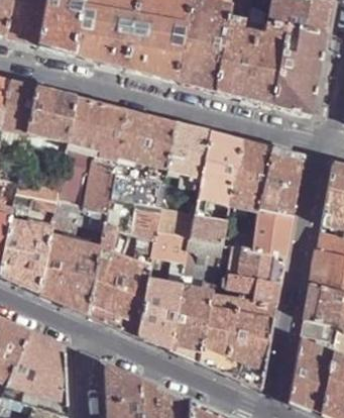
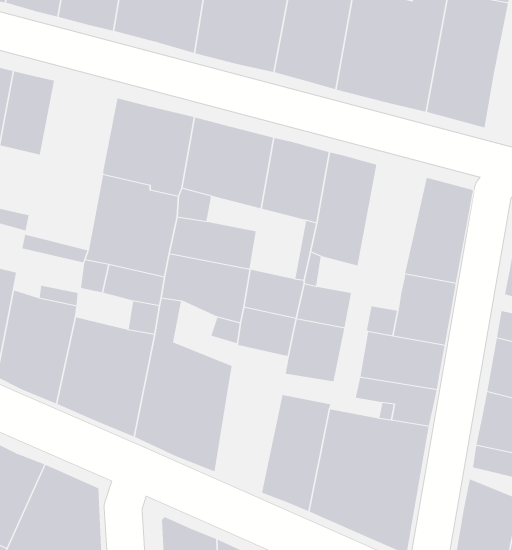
building: [27,85,76,142] -> none
building: [229,138,272,210] -> none
building: [138,278,181,347] -> none

